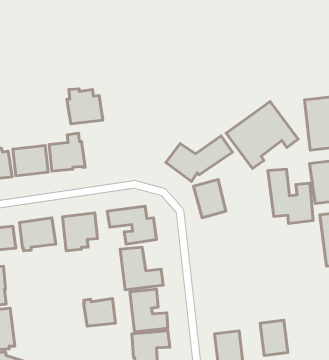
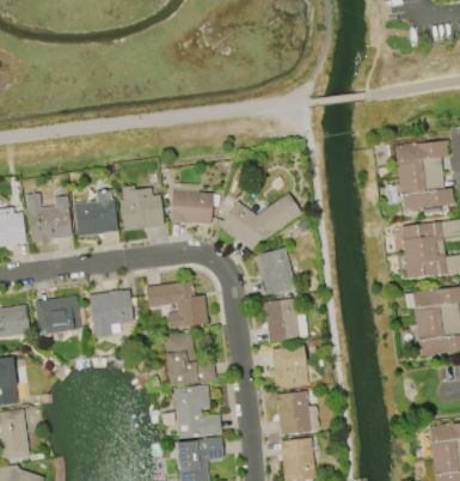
building: [67,89,103,124] -> [118,187,164,231]
building: [226,102,298,169] -> none
building: none -> [170,183,211,225]
building: [268,169,313,223] -> none
building: none -> [263,299,307,343]
building: none -> [268,346,307,388]
building: [84,299,115,326] -> none
building: [260,320,288,355] -> [276,391,311,436]

